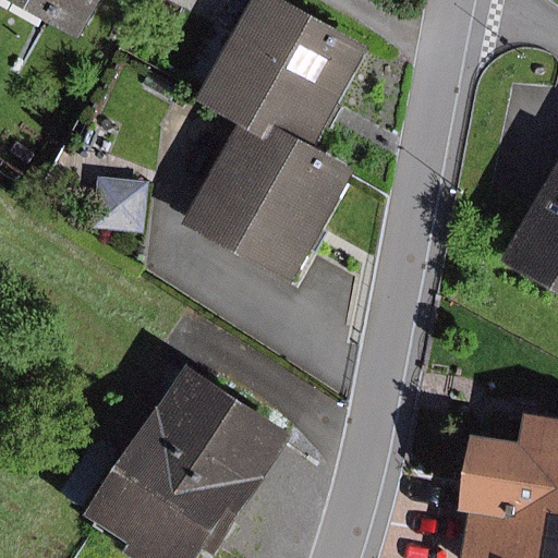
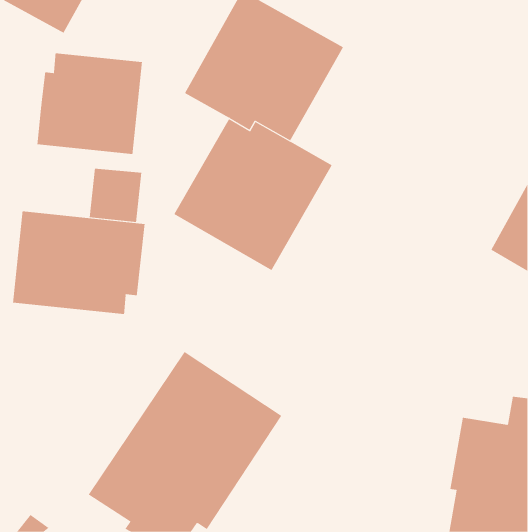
building: none -> [37,52,143,155]
building: none -> [12,211,145,315]

